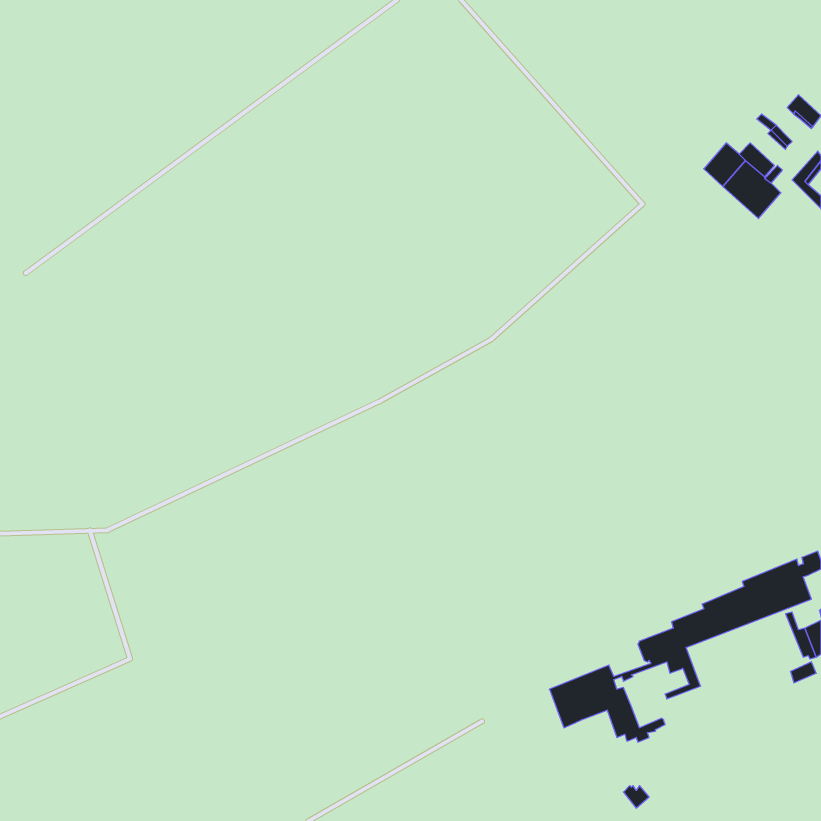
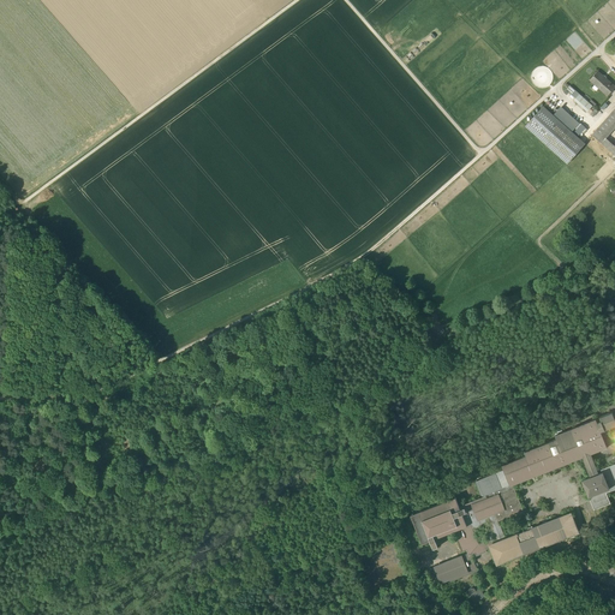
building: none -> [459,495,578,563]
building: none -> [428,554,477,584]

